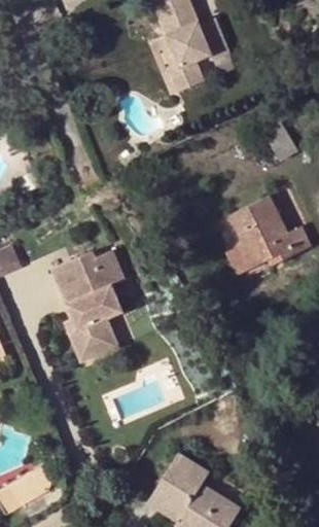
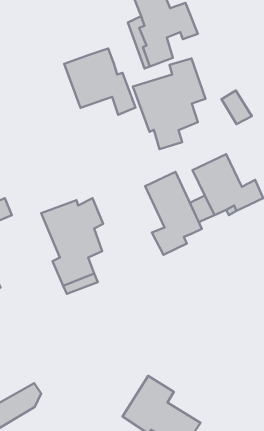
building: none -> [64,49,135,115]
building: none -> [133,59,206,149]
building: none -> [145,172,202,255]

